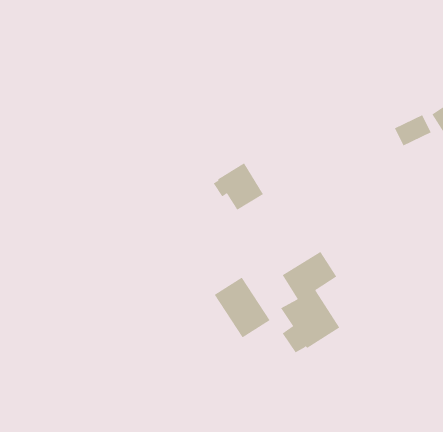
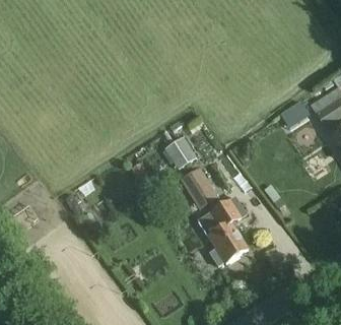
building: [214,277,271,338] -> [181,168,219,209]

